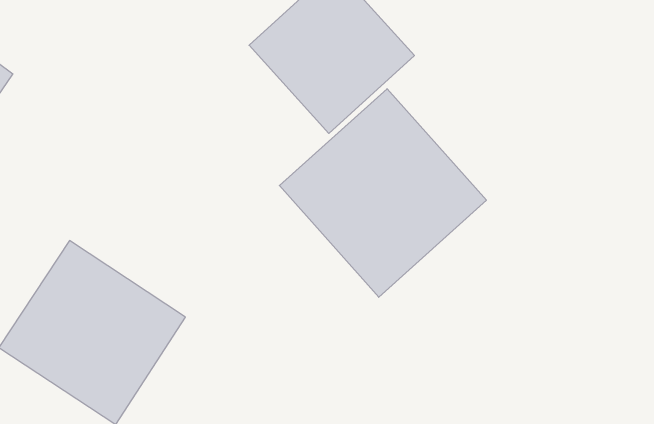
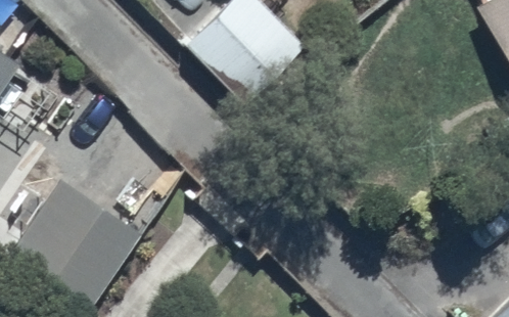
building: [279,89,486,297] -> none

